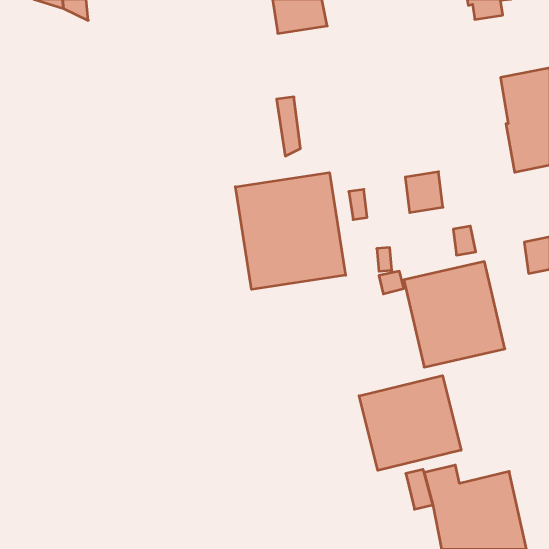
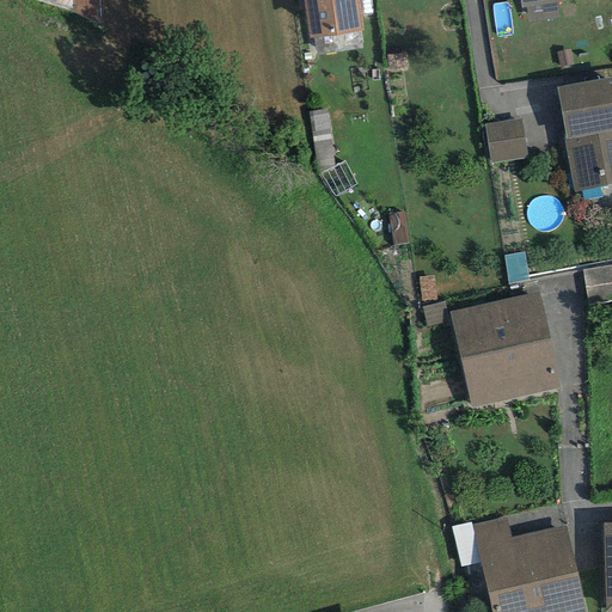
building: [405,172,443,213] -> [485,117,527,163]
building: [235,173,346,289] -> none
building: [359,376,461,470] -> none

